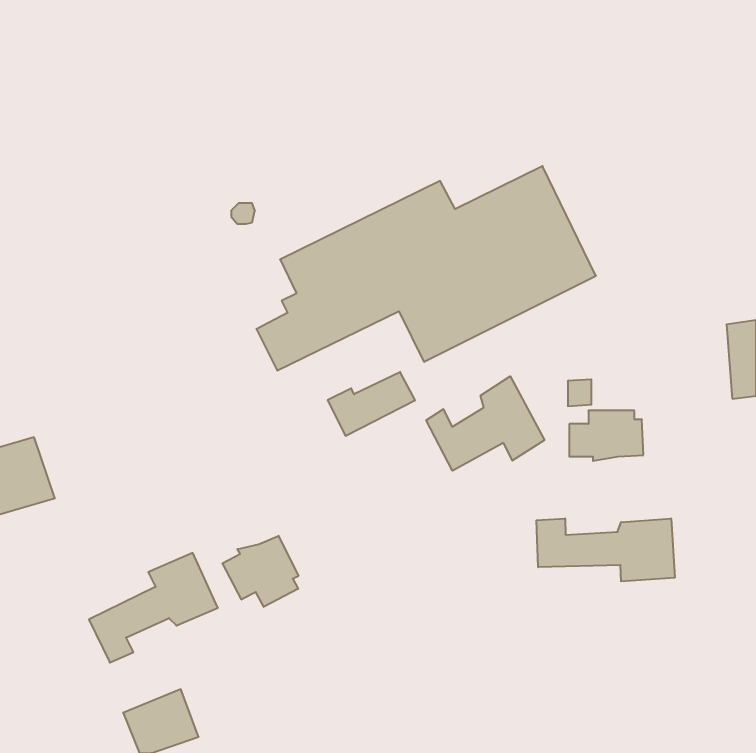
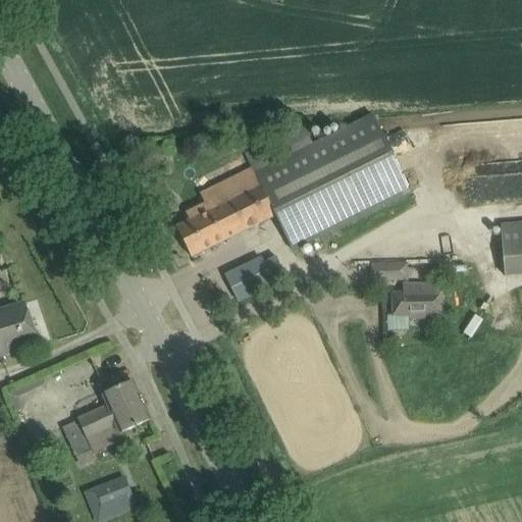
building: [426,376,544,471] -> none
building: [536,518,675,581] -> none
building: [222,536,298,607] -> none

